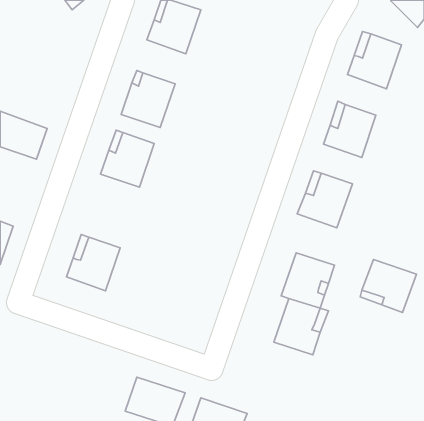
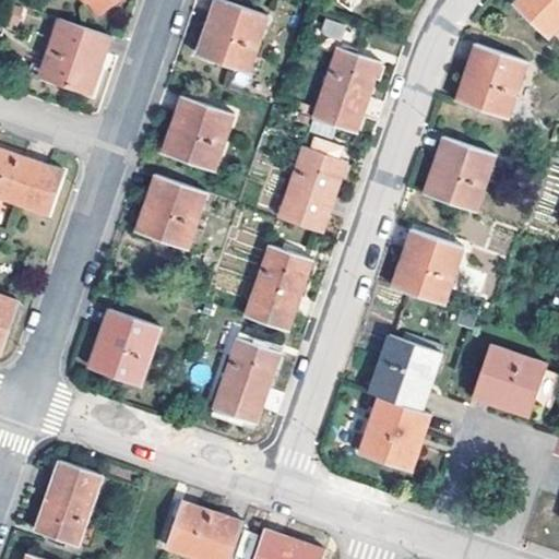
building: none -> [36,21,106,94]
building: none -> [314,49,380,134]
building: none -> [280,147,346,233]
building: none -> [246,247,312,331]
building: none -> [214,337,281,425]
building: none -> [34,460,99,544]

